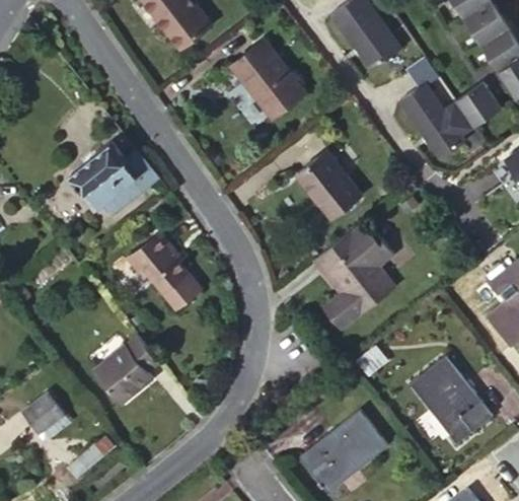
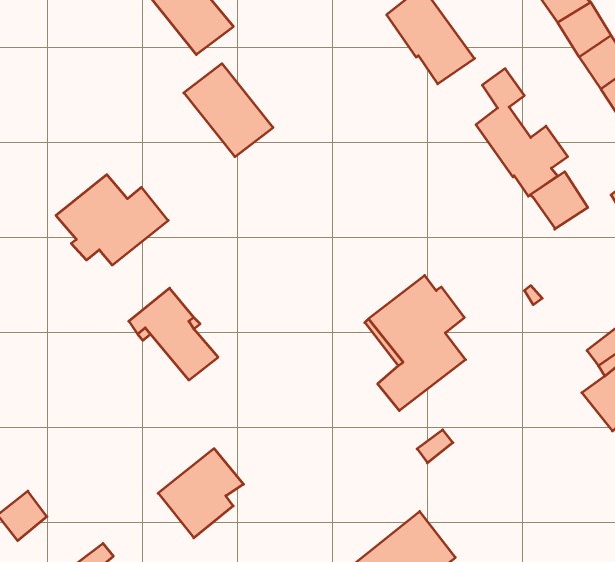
building: [232,42,303,116] -> [184,64,273,157]
building: [456,83,502,129] -> [530,172,588,229]
building: [296,154,360,219] -> none
building: [93,334,161,405] -> [158,449,244,538]
building: [411,357,492,442] -> none

